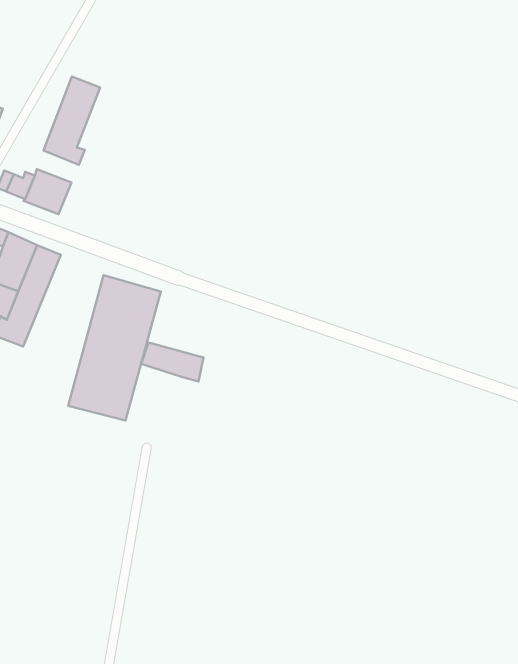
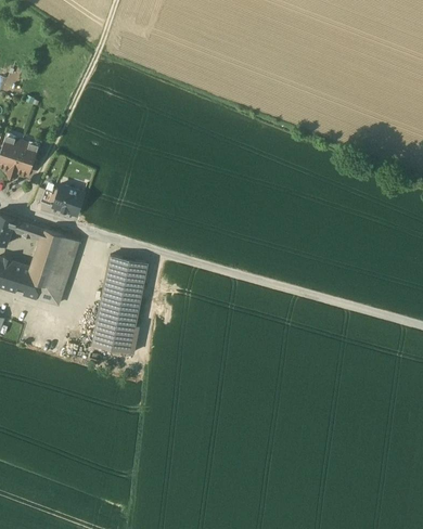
building: [43,77,100,165] -> none
building: [141,343,204,382] -> none

